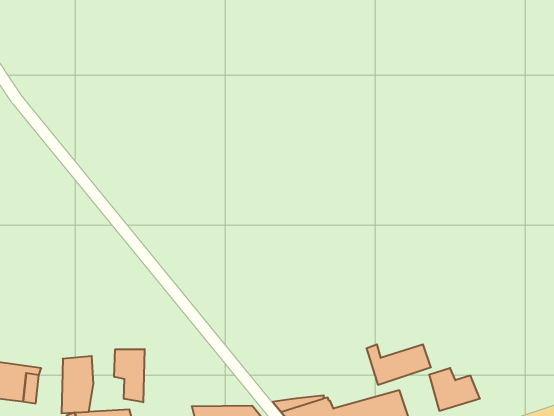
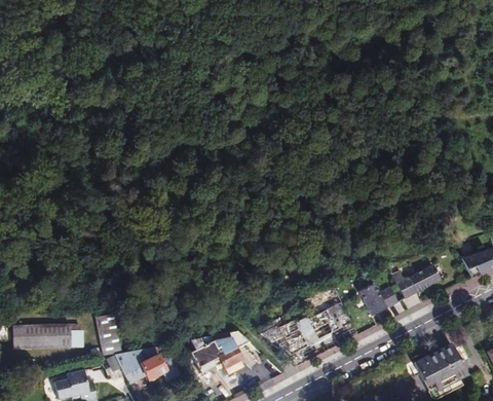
building: [366,344,431,385] -> [394,264,443,298]
building: [114,349,145,402] -> none

